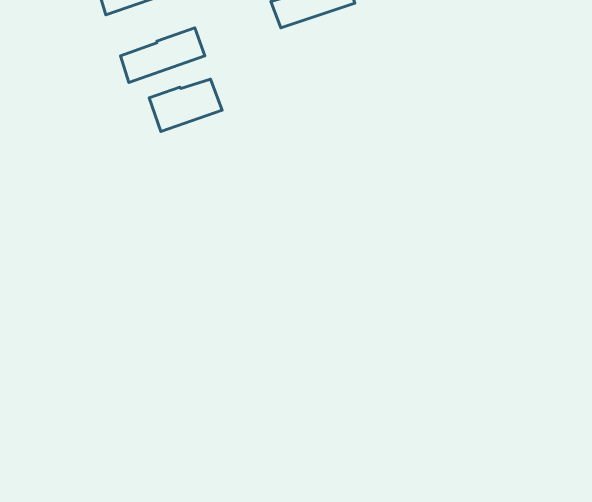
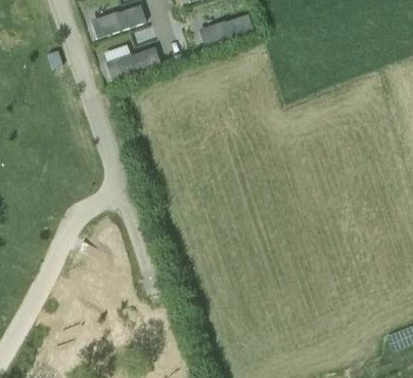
building: [149,79,222,132] -> none

